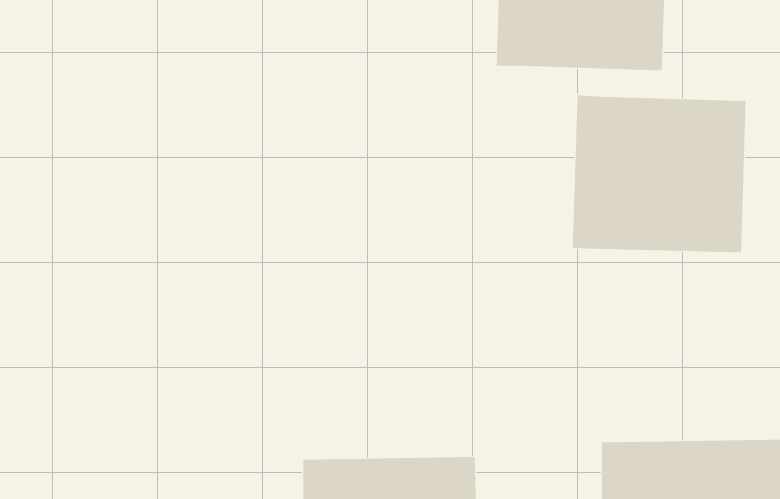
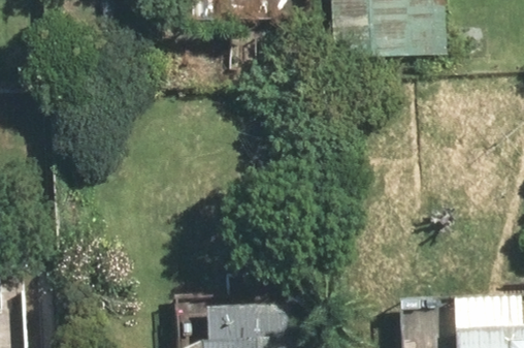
building: [572,95,746,253] -> none

